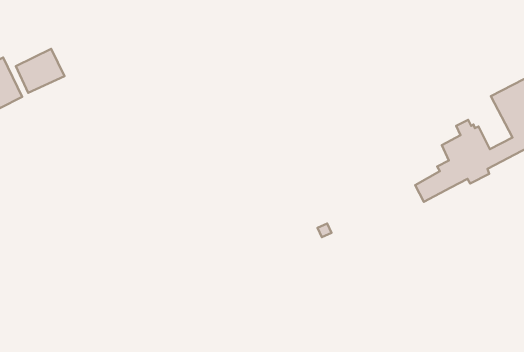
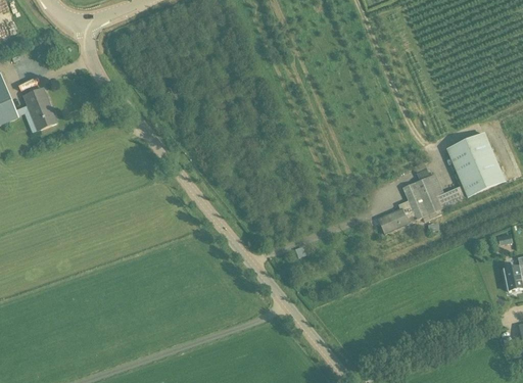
building: [16,49,65,93] -> none

